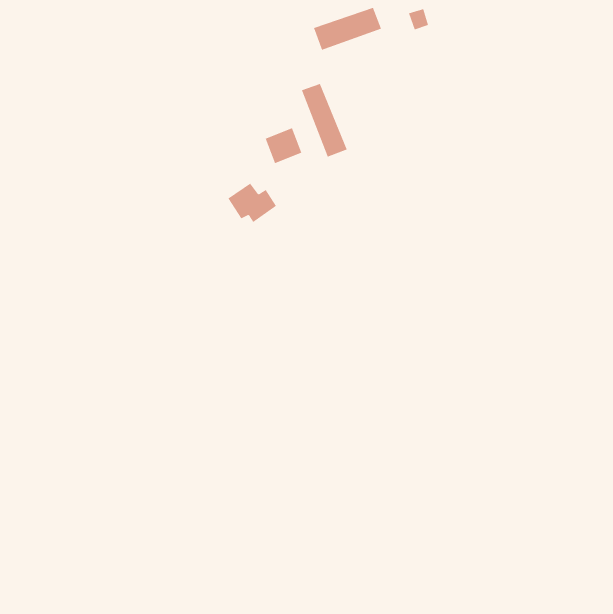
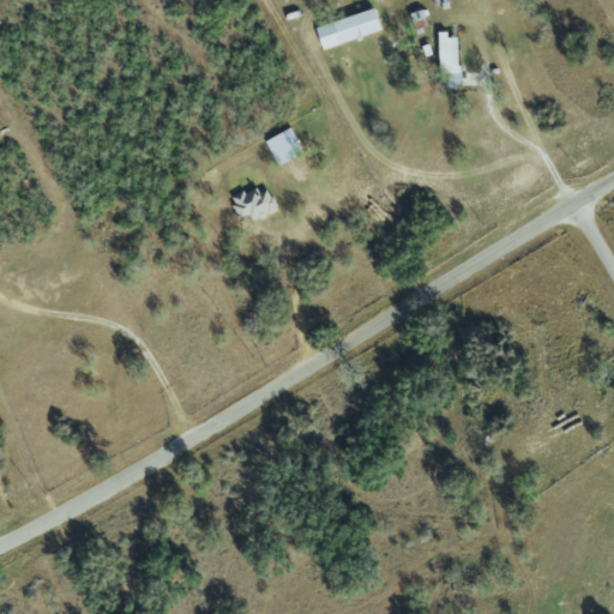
building: none -> [438,31,459,88]
building: [301,83,347,157] -> none

